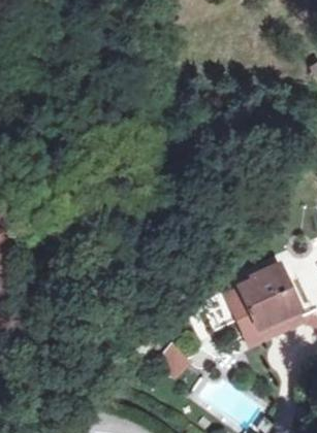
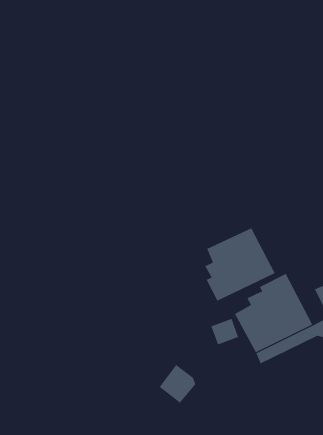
building: none -> [205,227,276,301]

